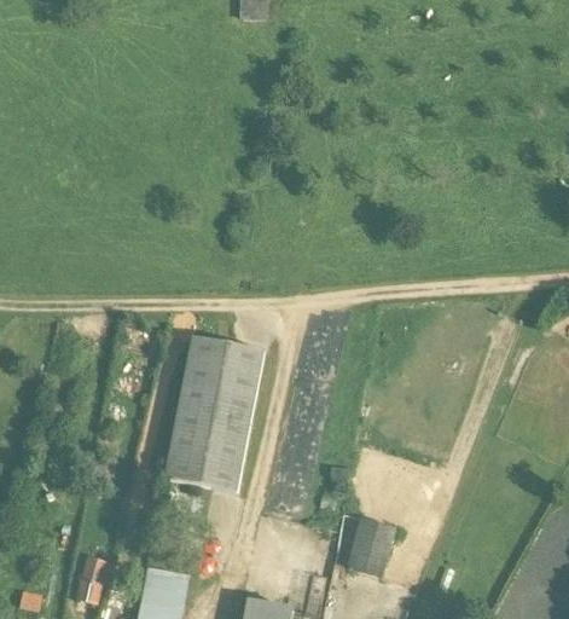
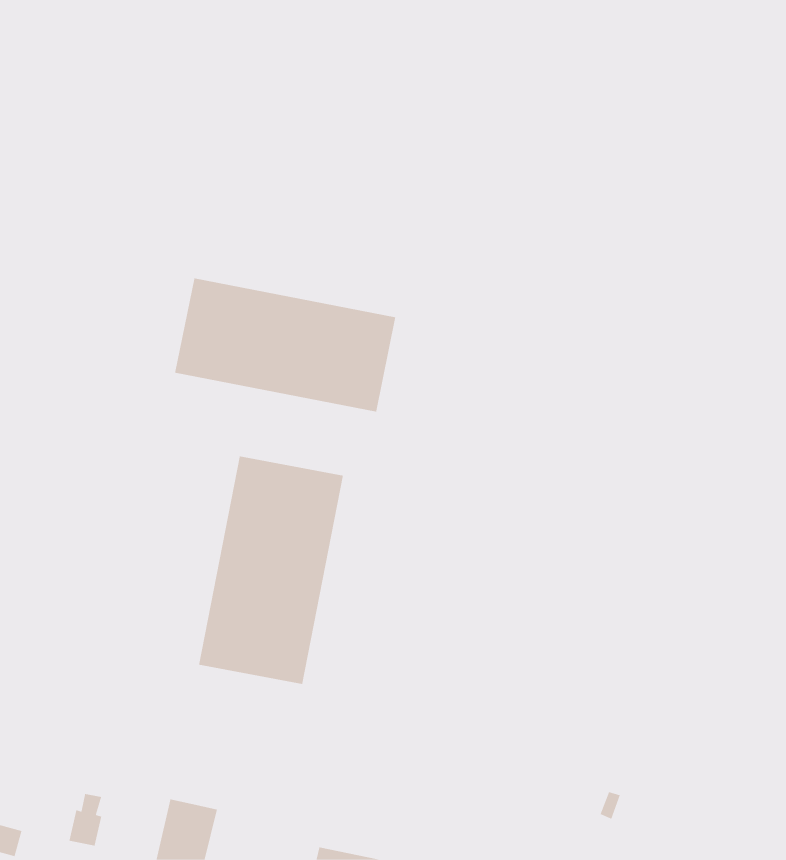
building: none -> [174,277,396,413]
building: [352,516,395,577] -> none

